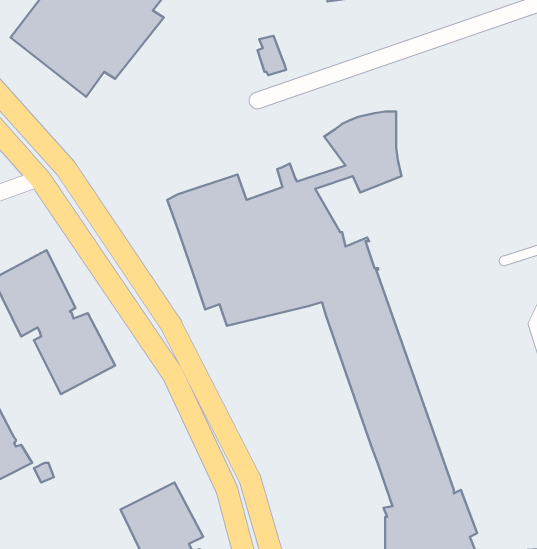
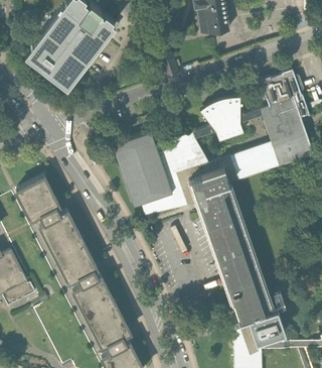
building: none -> [208,70,314,185]
building: none -> [52,239,116,320]

